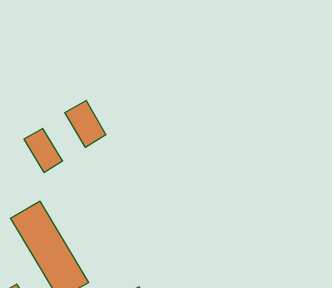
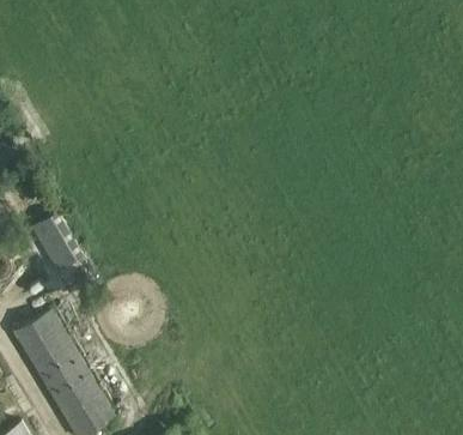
building: [65,100,106,147] -> none

